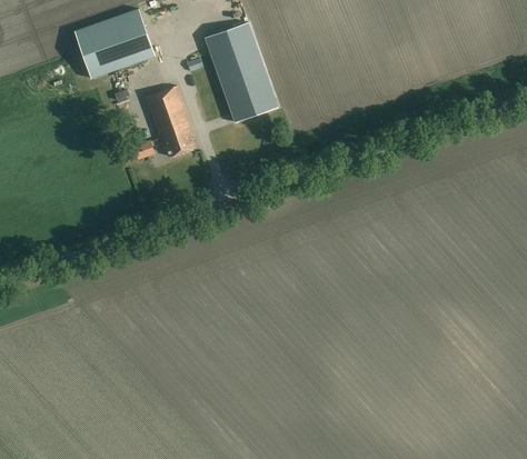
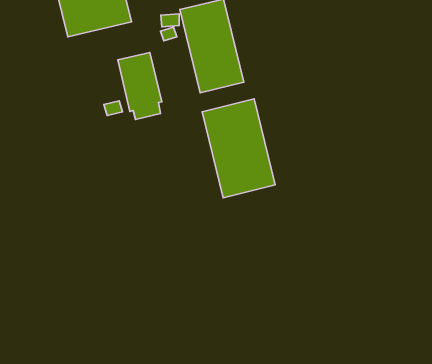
building: none -> [202,99,275,198]

